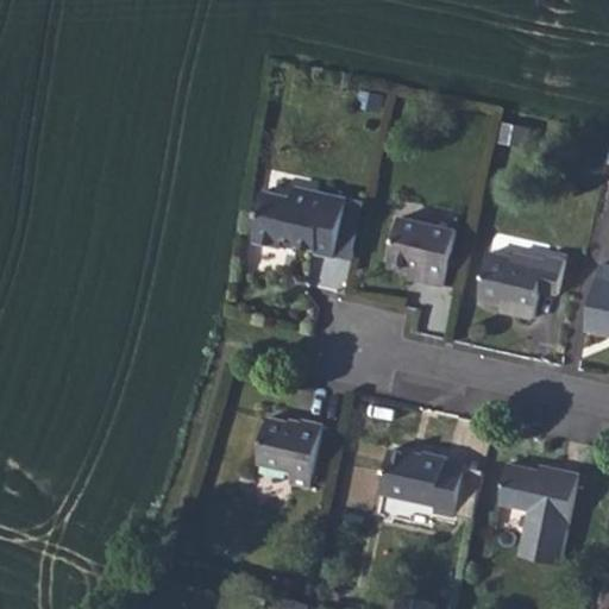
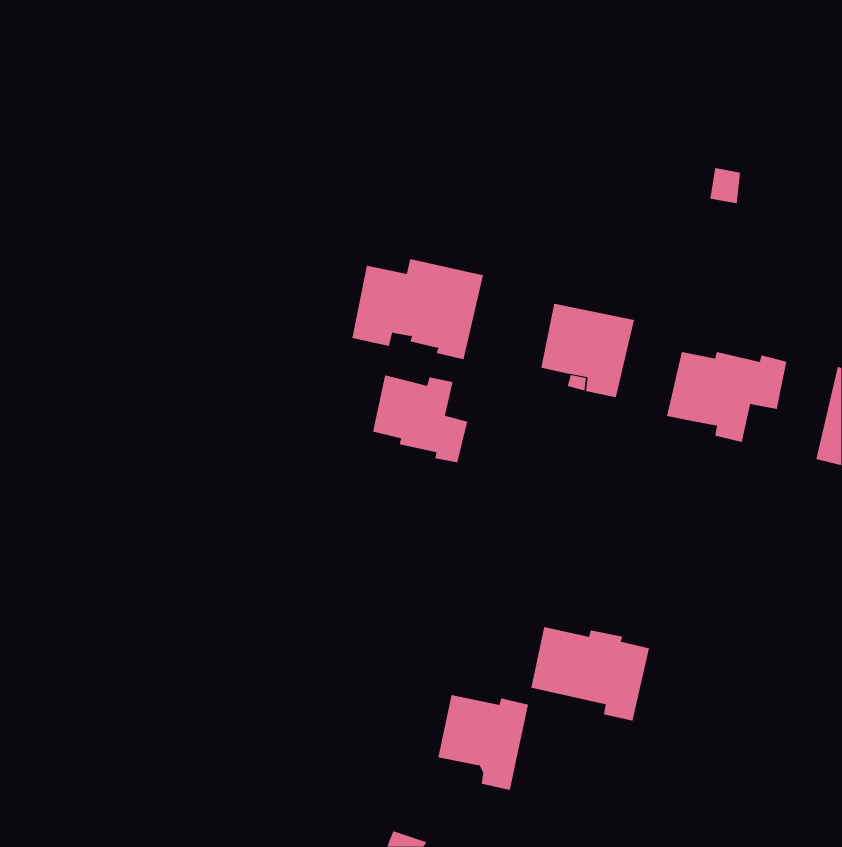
building: none -> [372,375,468,463]
building: [256,419,321,488] -> [438,694,529,791]
building: [498,463,579,565] -> none

